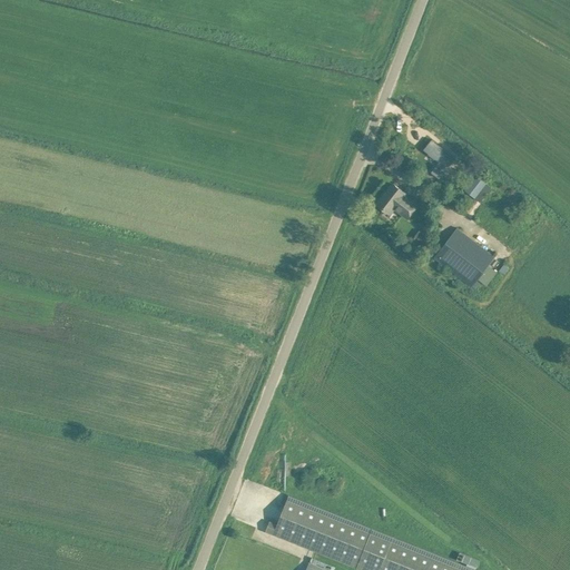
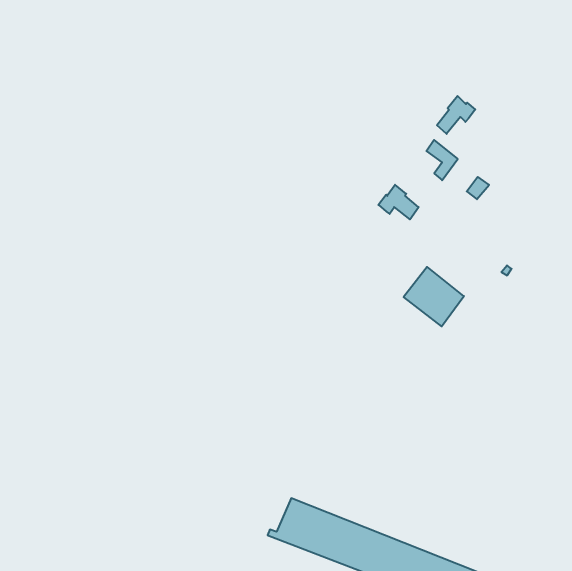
building: none -> [437,96,475,134]
building: [433,229,493,288] -> [404,267,464,326]

